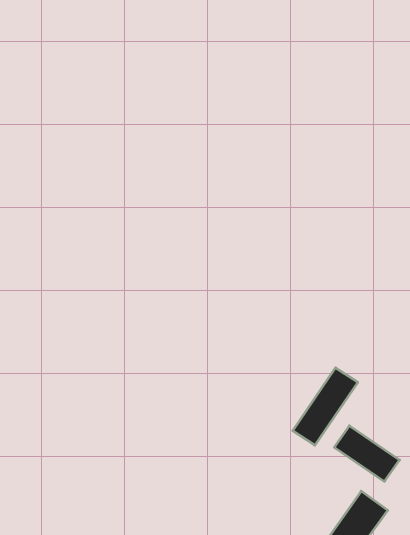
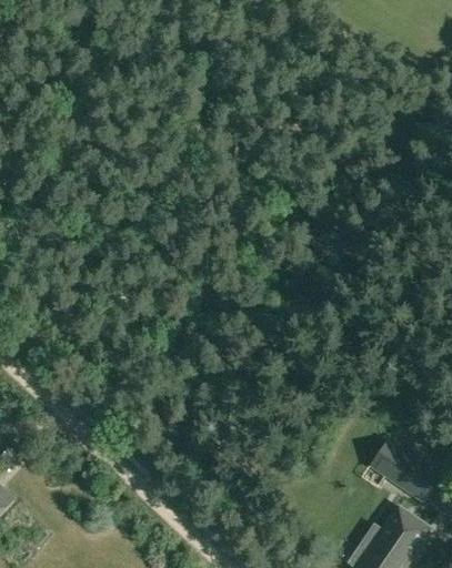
building: [293,368,358,445] -> none

